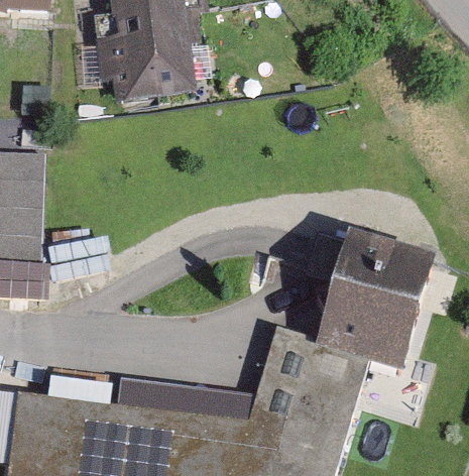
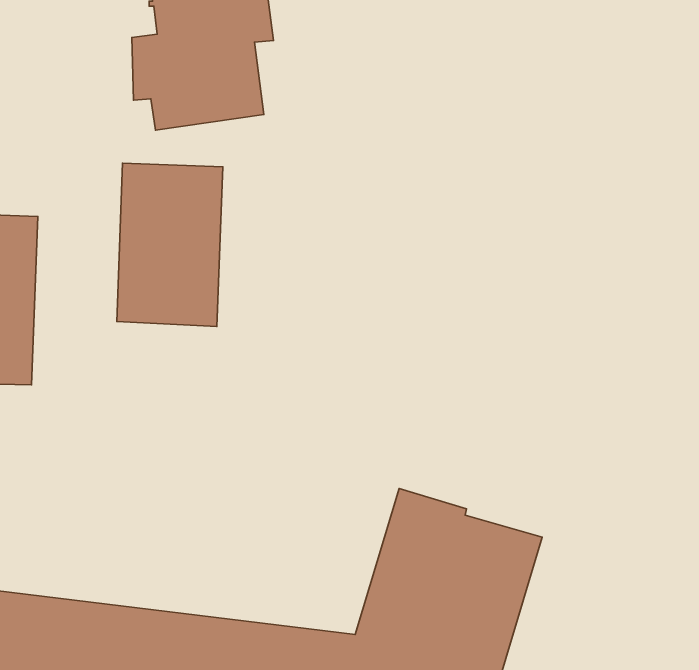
building: none -> [117,163,223,327]
building: [306,233,429,369] -> none

